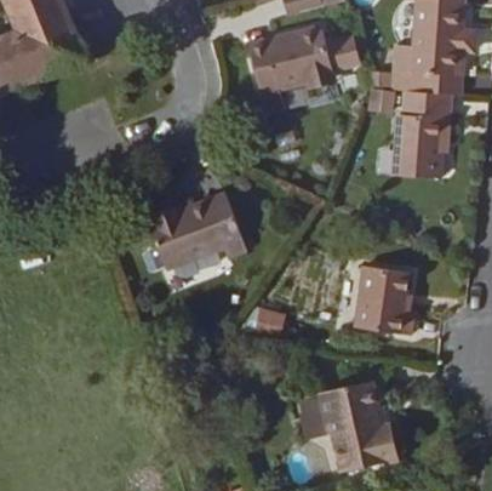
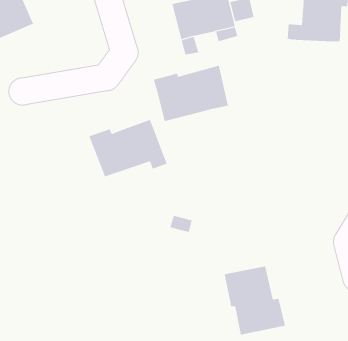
building: [397,91,454,178] -> none
building: none -> [153,65,228,122]
building: [357,259,416,327] -> none

